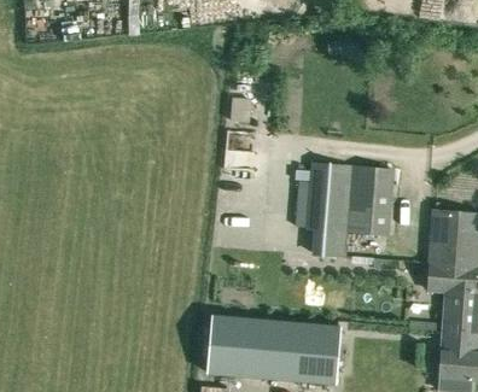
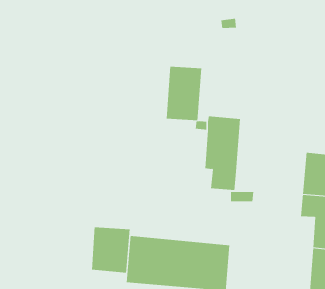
building: [348,168,394,236] -> [166,66,202,121]
building: none -> [91,227,130,273]

